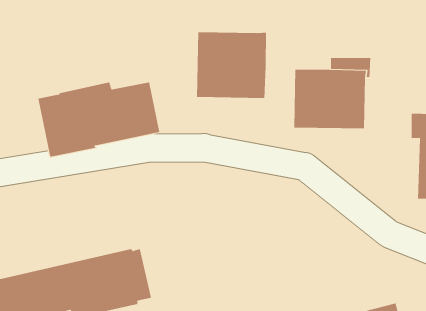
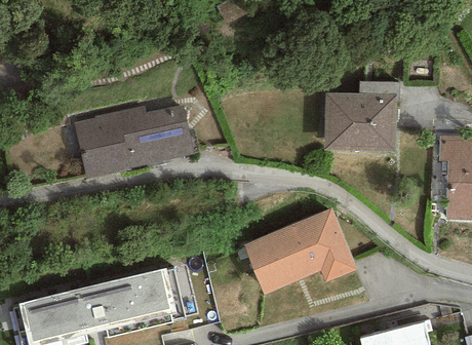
building: [196,32,266,99] -> none
building: none -> [243,208,357,294]

